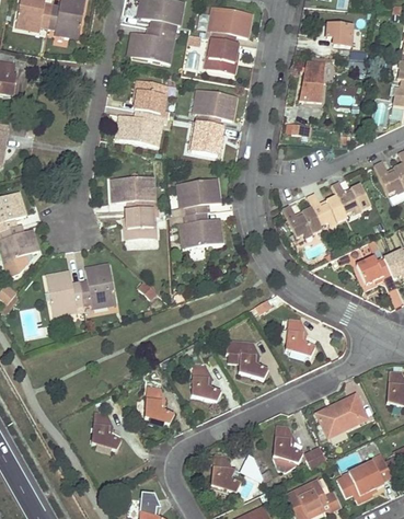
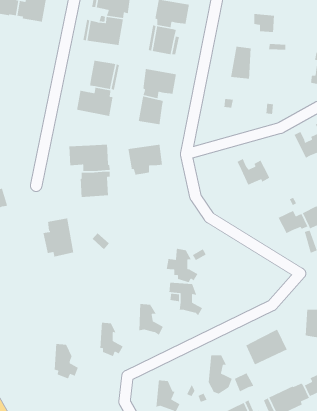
building: [331,182,370,214] -> none
building: [281,205,322,238] -> none
building: [182,211,222,246] -> none
building: [45,269,84,316] -> none
building: [277,316,315,358] -> [166,248,199,283]

